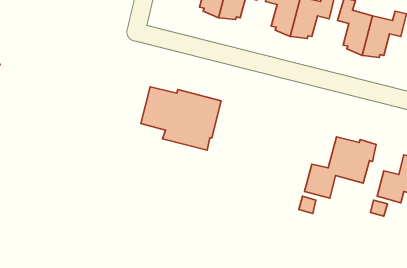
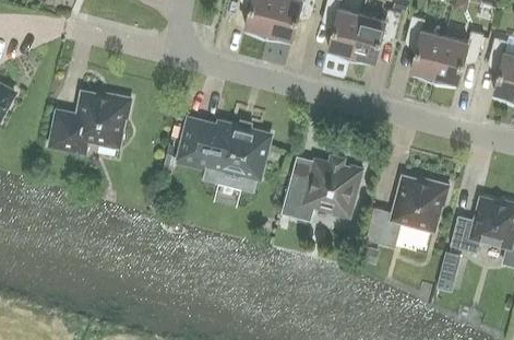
building: none -> [49,91,131,153]
building: none -> [280,157,362,221]

